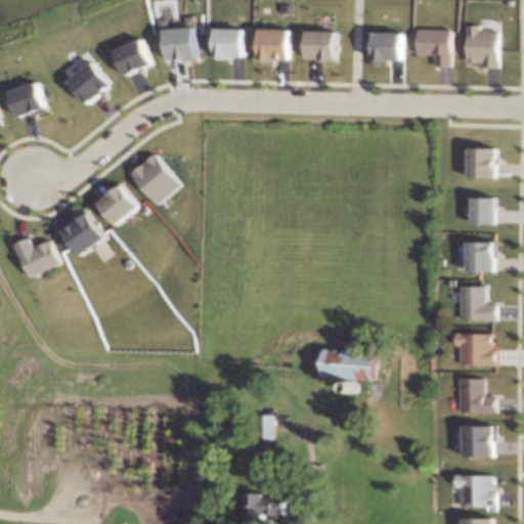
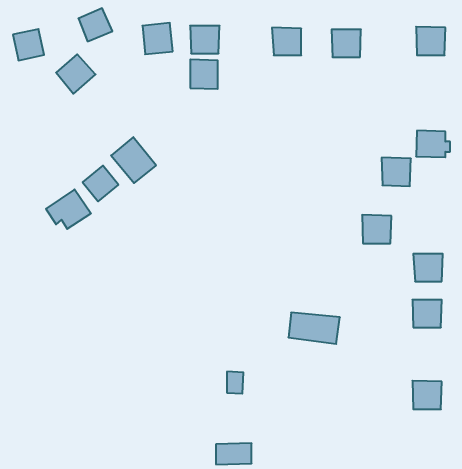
building: [255,29,286,61] -> [190,59,218,89]
building: [418,32,450,63] -> none
building: [108,39,146,76] -> [78,8,112,41]
building: [5,83,40,118] -> [13,29,44,60]
building: [467,195,499,227] -> [382,158,411,186]
building: [10,237,55,277] -> none
building: [464,238,496,270] -> [362,215,391,243]
building: [456,380,489,410] -> none
building: [457,476,490,507] -> none

